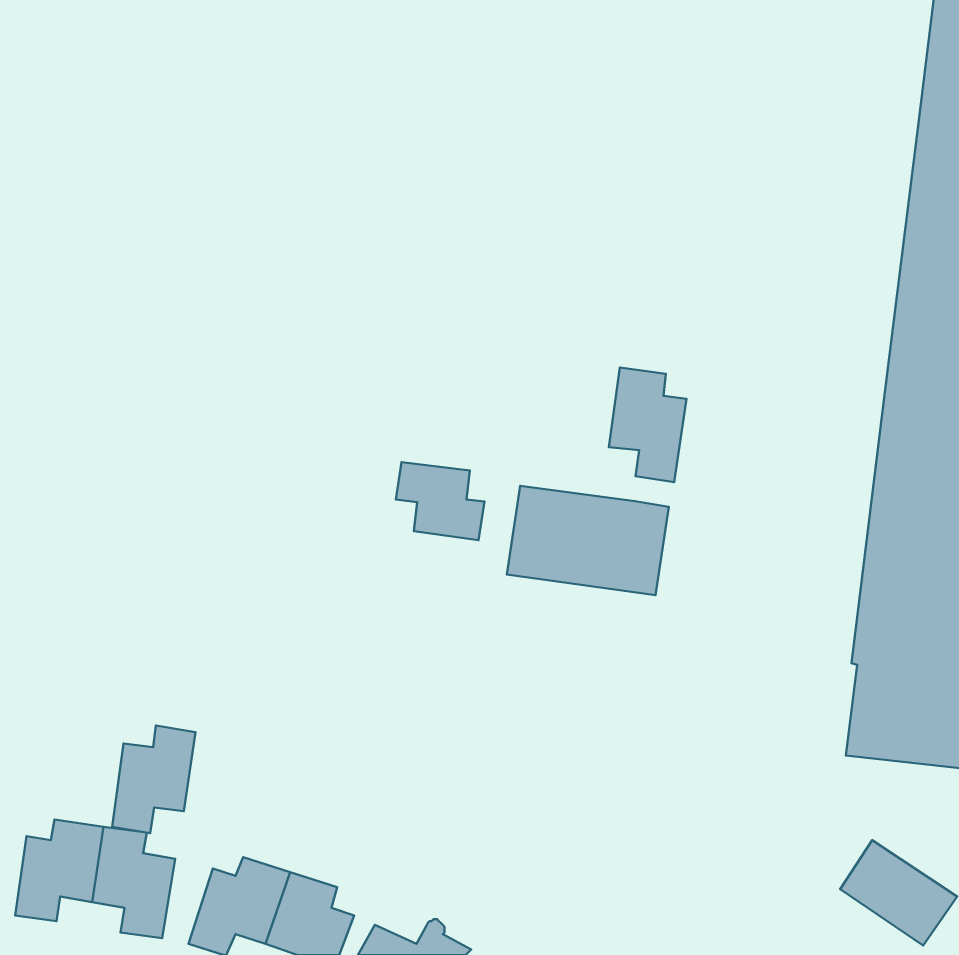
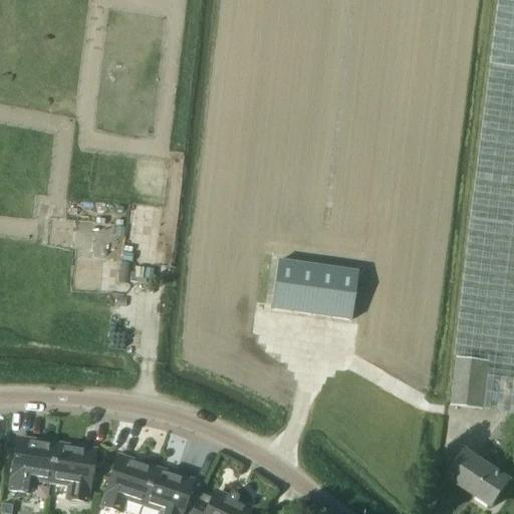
building: [609,368,686,482] -> none
building: [396,462,485,540] -> none
building: [112,725,196,833] -> none

